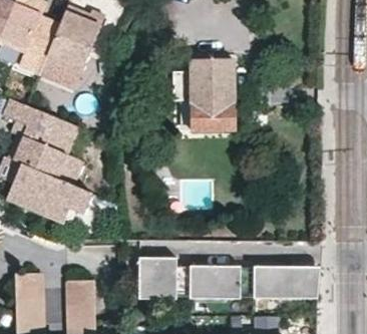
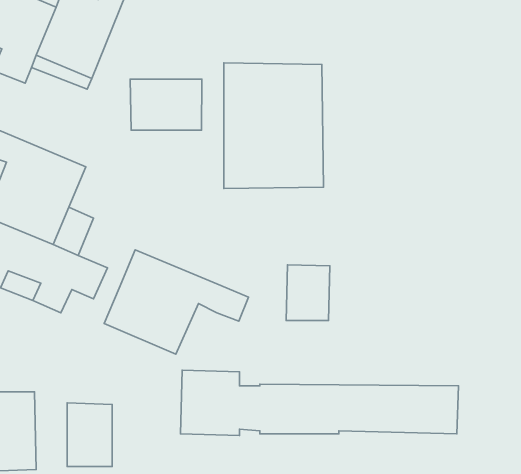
building: none -> [130,79,202,130]
building: none -> [104,250,248,354]
building: none -> [286,265,330,321]

